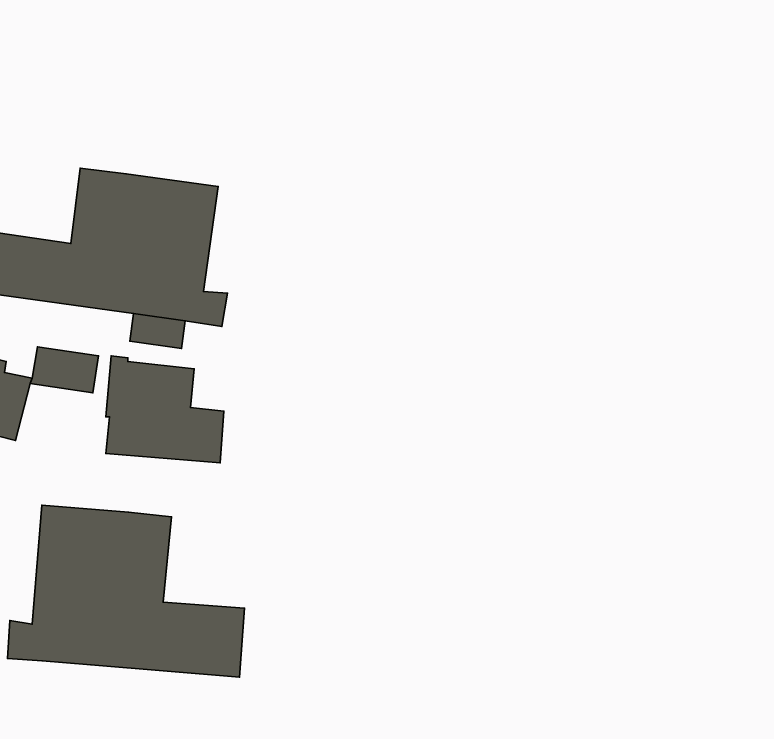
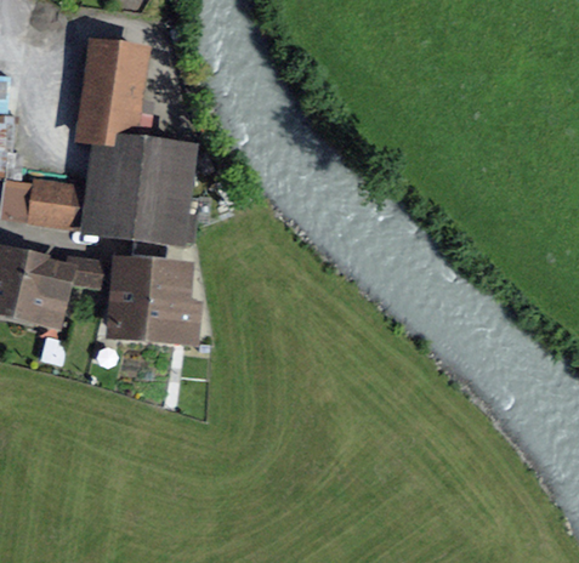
building: none -> [80,36,142,143]
building: [8,505,245,677] -> none

